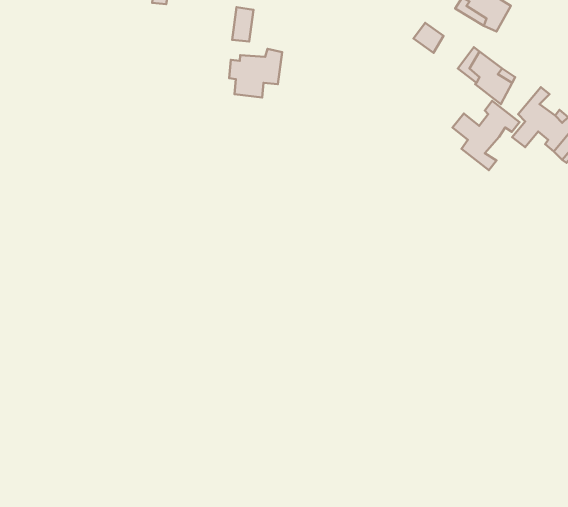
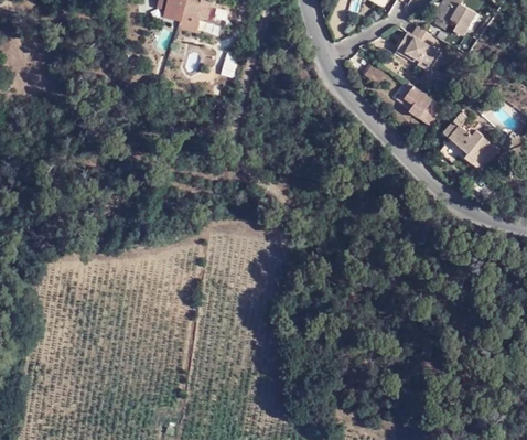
building: [229,49,282,98] -> none
building: [452,101,520,170] -> none

